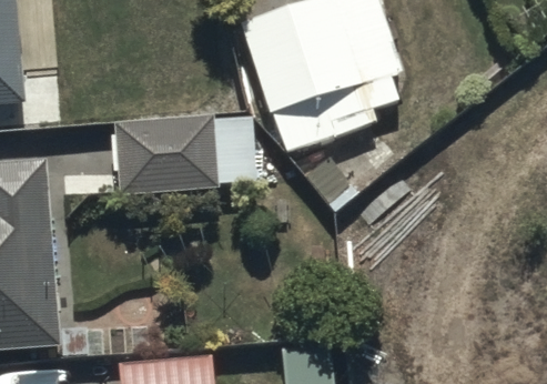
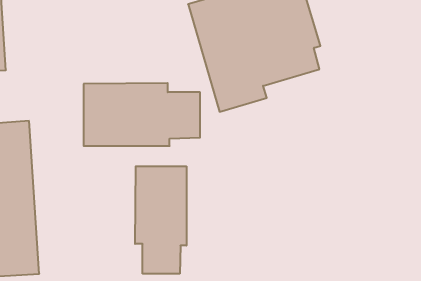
building: none -> [135,166,186,274]

